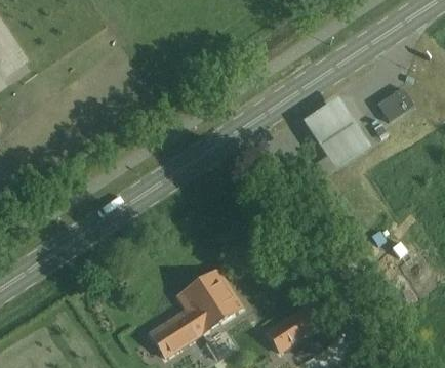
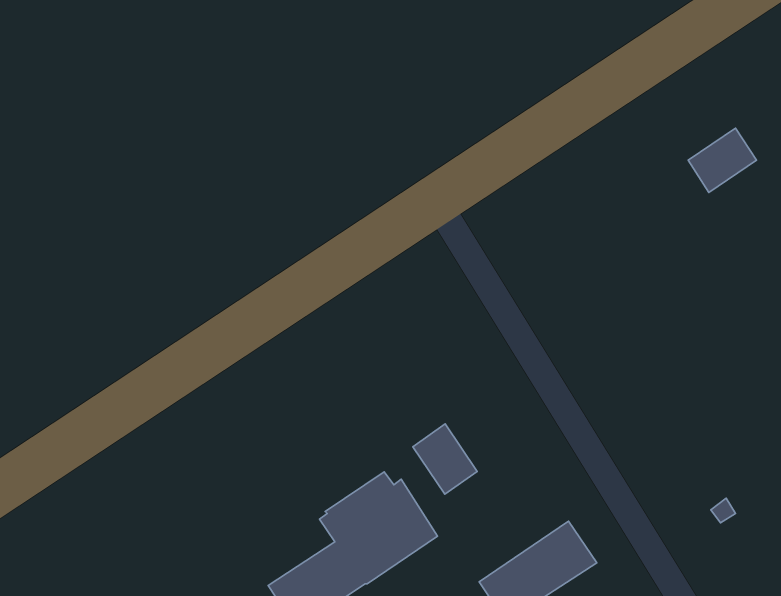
building: [298,90,370,165] -> none
building: none -> [413,424,477,494]

